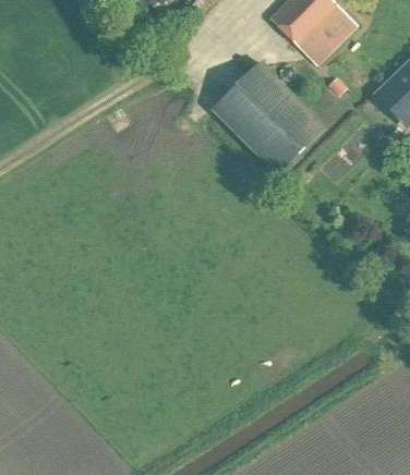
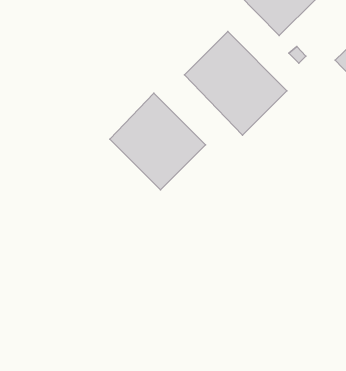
building: none -> [110,93,206,190]

